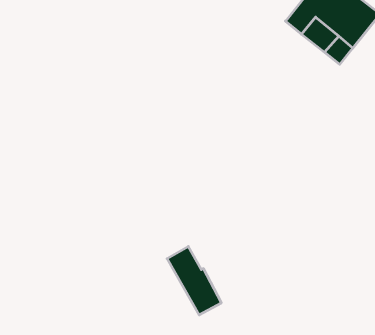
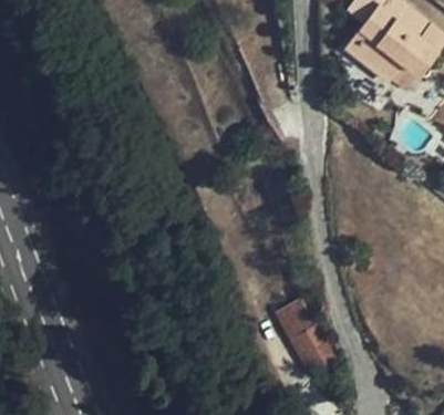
building: [167,246,221,315] -> [276,298,335,373]

